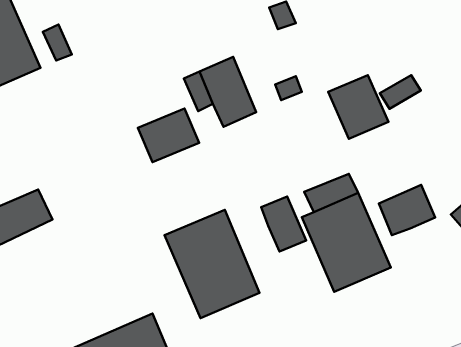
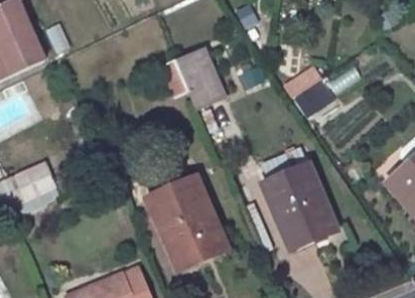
building: [138,109,199,162] -> none
building: [379,185,435,235] -> none
building: [261,197,306,252] -> none

